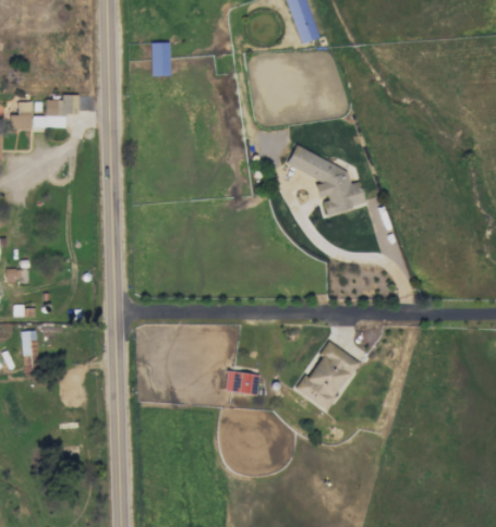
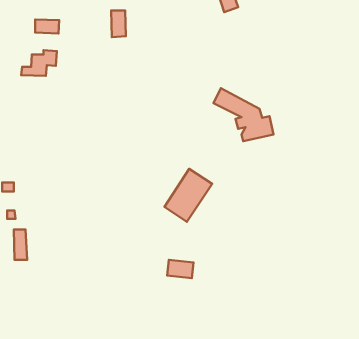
building: none -> [35,19,59,33]
building: [9,101,32,130] -> none
building: [295,341,359,410] -> [164,169,212,222]

